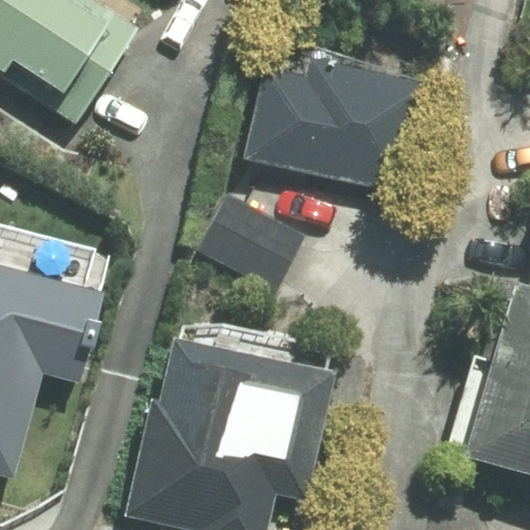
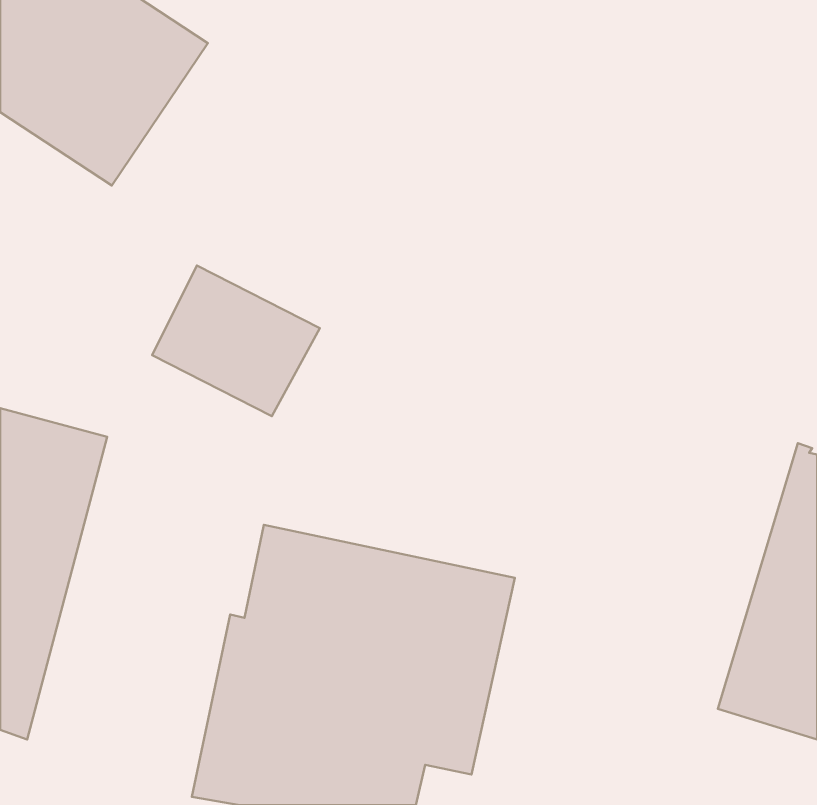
building: [245,57,431,193] -> none
building: [200,190,308,288] -> [152,266,320,416]

